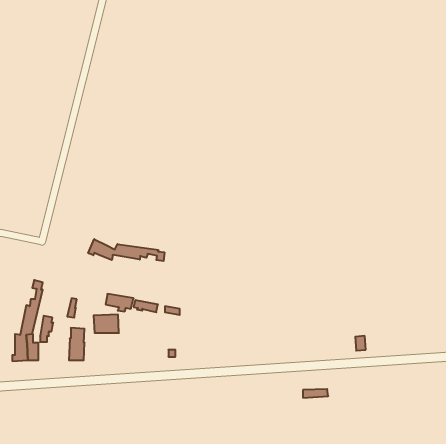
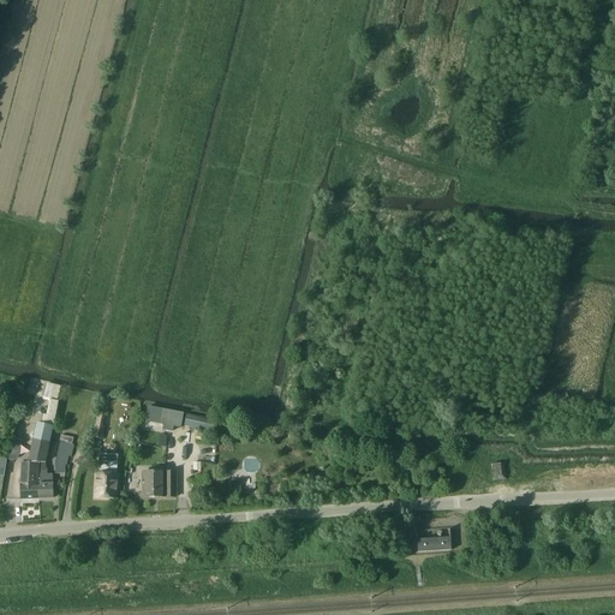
building: [88,239,164,261] -> none
building: [94,315,119,333] -> [142,470,177,495]

